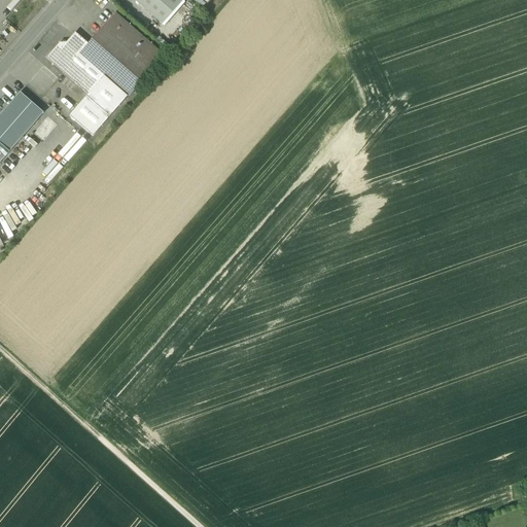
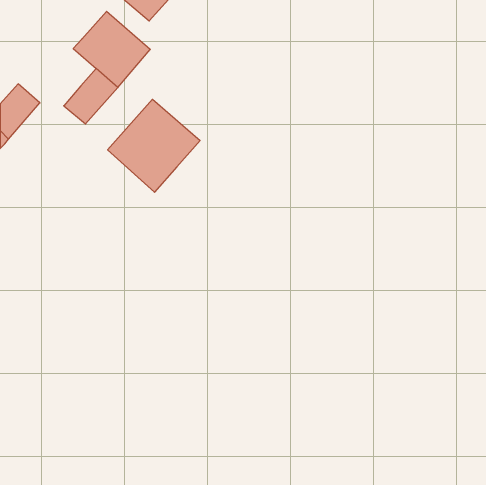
building: [45,31,104,93] -> none
building: none -> [108,99,200,192]

